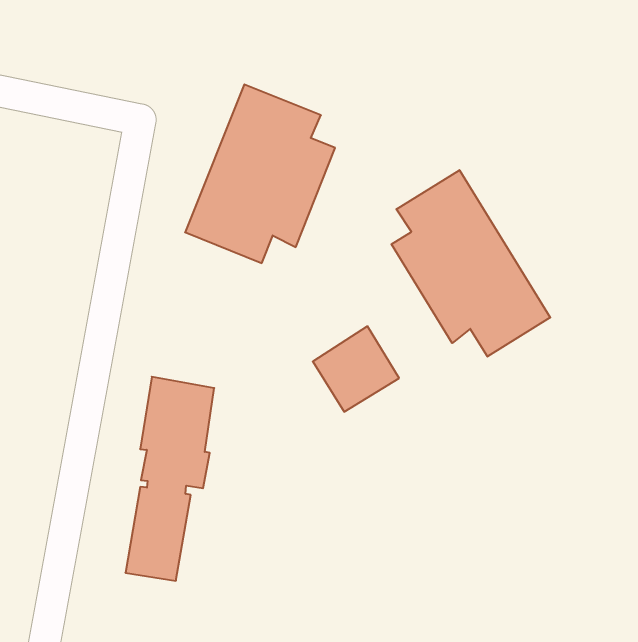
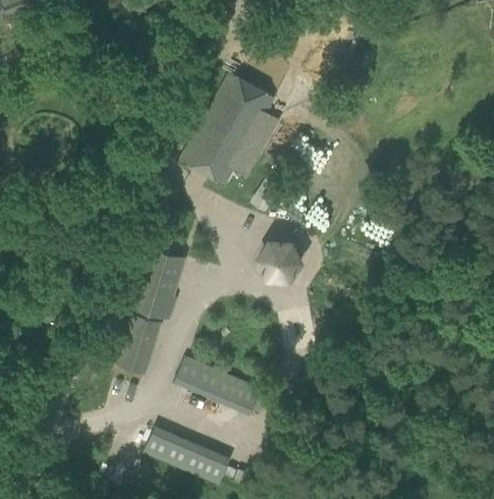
building: [391,170,550,357] -> none
building: none -> [173,355,259,413]

